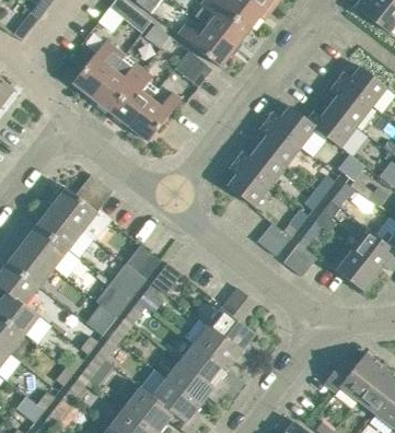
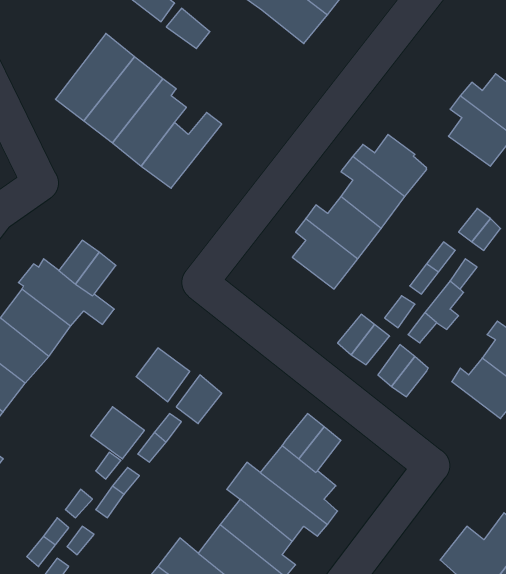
building: [176,25,234,67] -> none
building: [173,50,211,87] -> none
building: [305,107,356,148] -> none
building: [109,264,146,299] -> none

